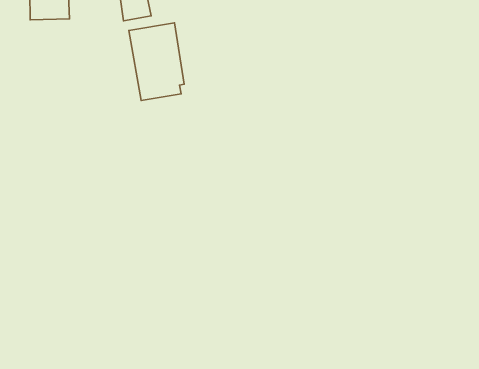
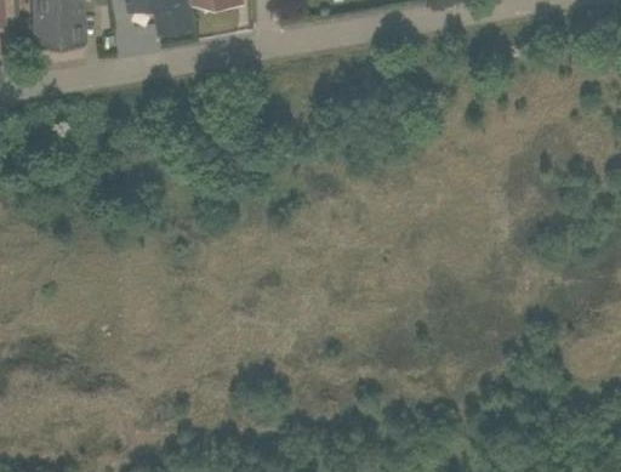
building: [129,23,184,101] -> none

